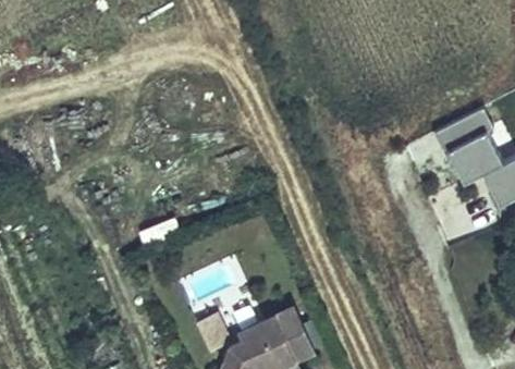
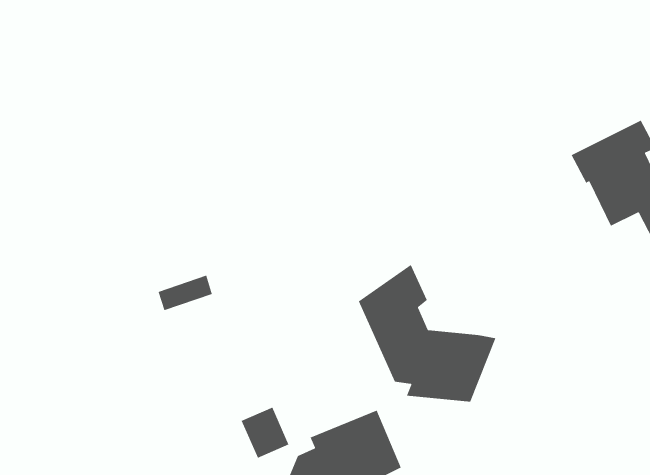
building: none -> [358,264,497,403]

